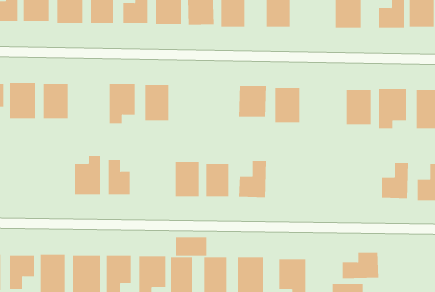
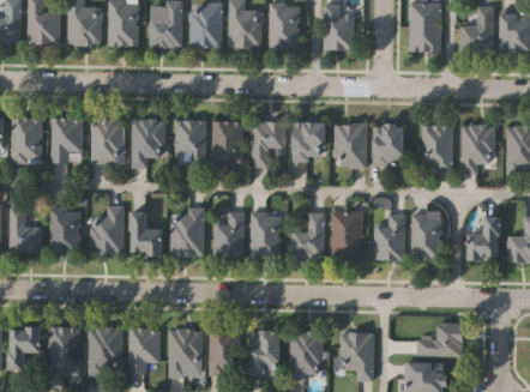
building: none -> [94,119,126,163]
building: none -> [212,121,242,164]
building: none -> [252,121,285,167]
building: none -> [371,123,400,165]
building: none -> [10,206,42,254]
building: none -> [50,206,82,254]
building: none -> [170,209,203,257]
building: none -> [331,211,361,259]
building: none -> [374,213,404,259]
building: none -> [410,213,440,259]
building: [175,236,207,256] -> none

